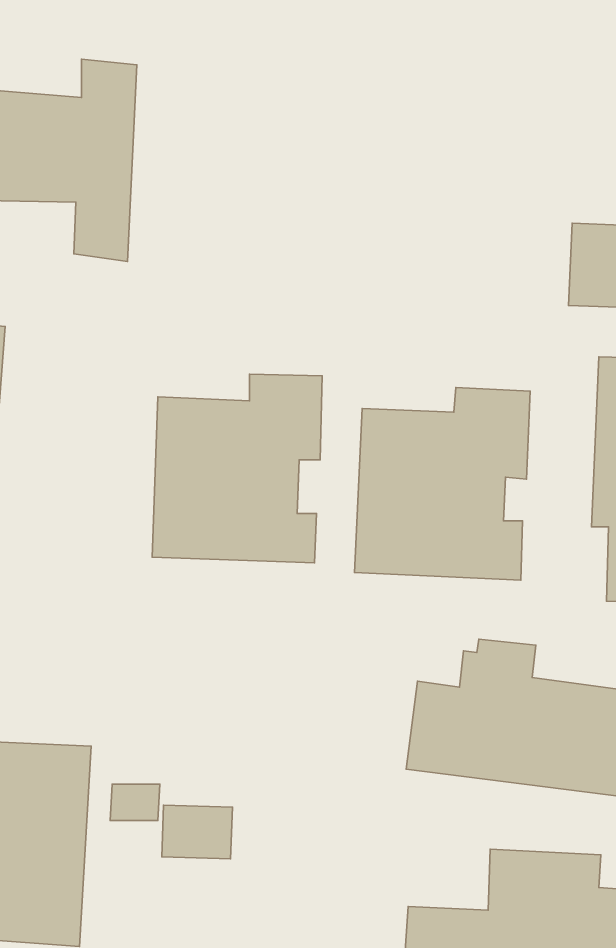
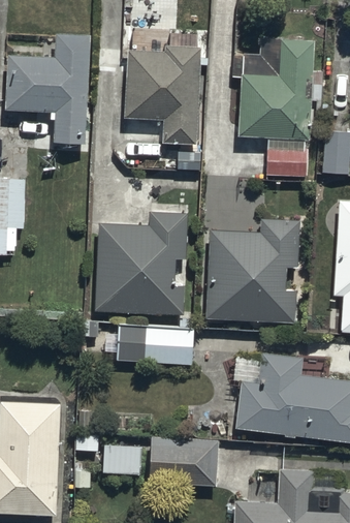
building: none -> [124,31,201,143]
building: none -> [238,38,312,176]
building: none -> [116,318,194,365]
building: none -> [148,438,217,486]

